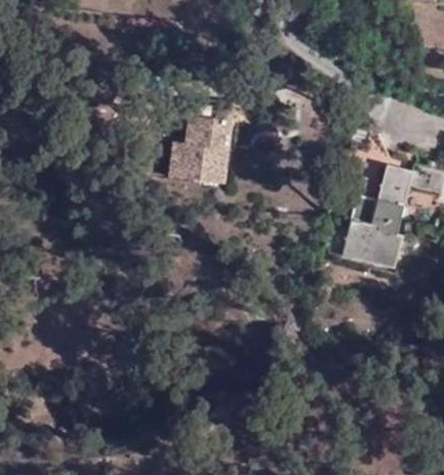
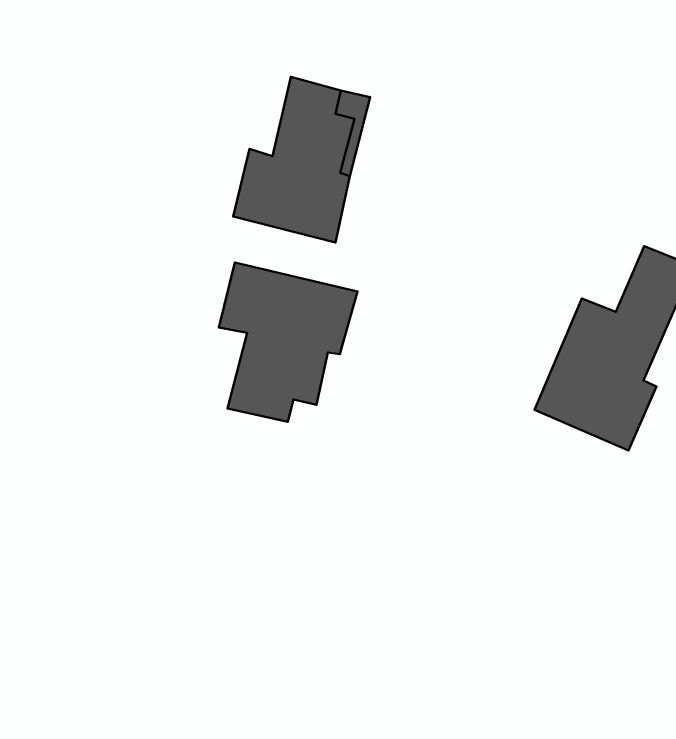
building: none -> [219,263,357,422]

